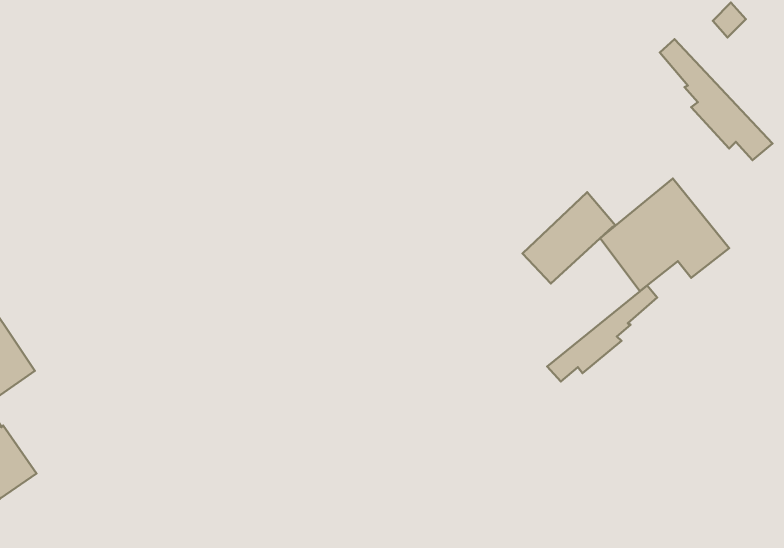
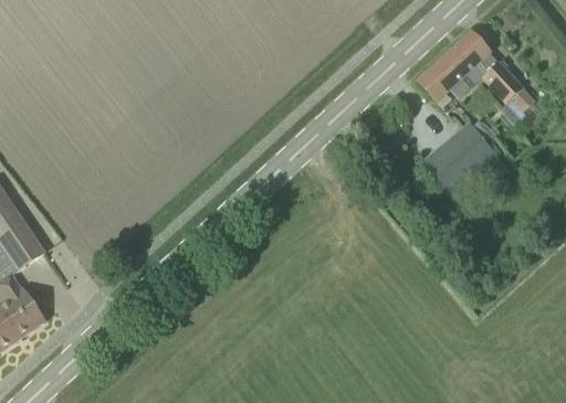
building: [523,192,615,283] -> [417,39,479,99]
building: [547,285,657,381] -> none

